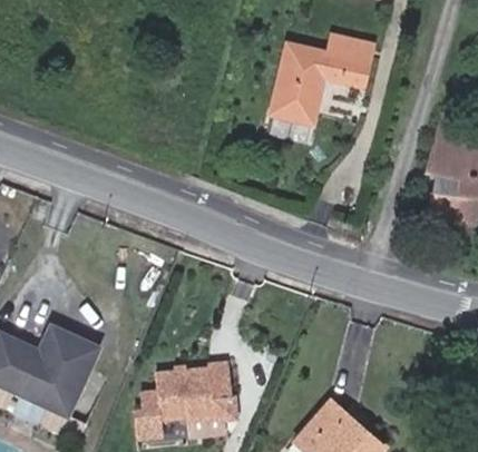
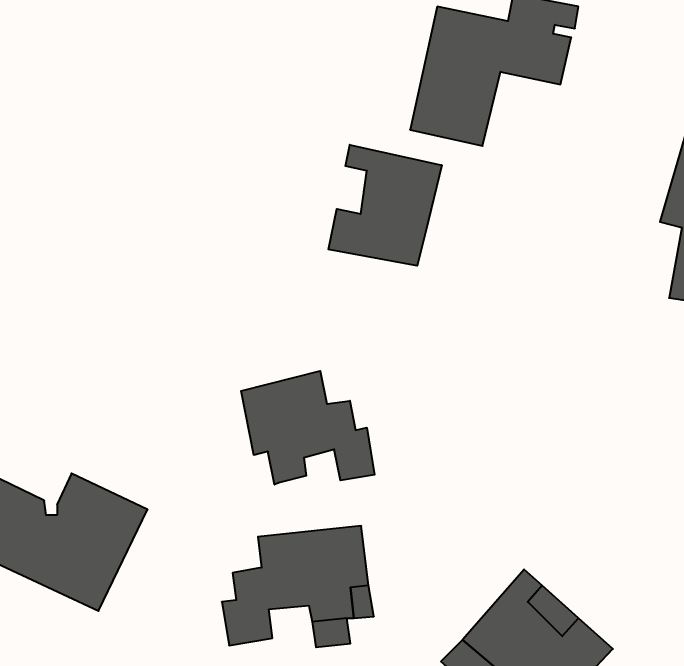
building: none -> [328,145,442,266]
building: none -> [241,371,375,485]

